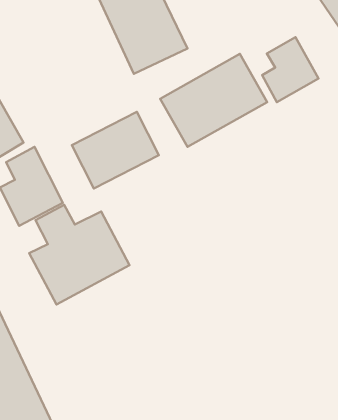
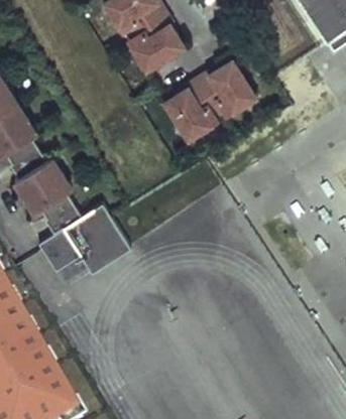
building: [262,37,318,102] -> none
building: [72,112,159,189] -> none

